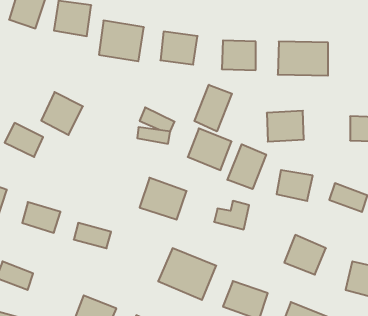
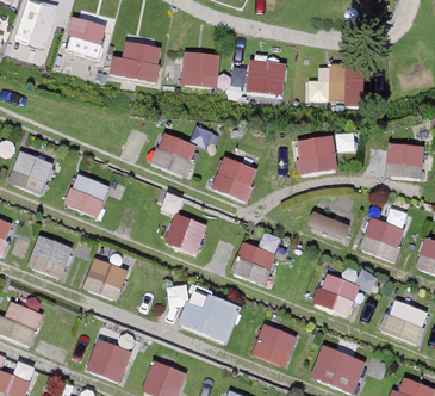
building: [194,85,232,131] -> none
building: [41,92,83,135] -> [63,175,108,222]
building: [227,144,266,189] -> none

